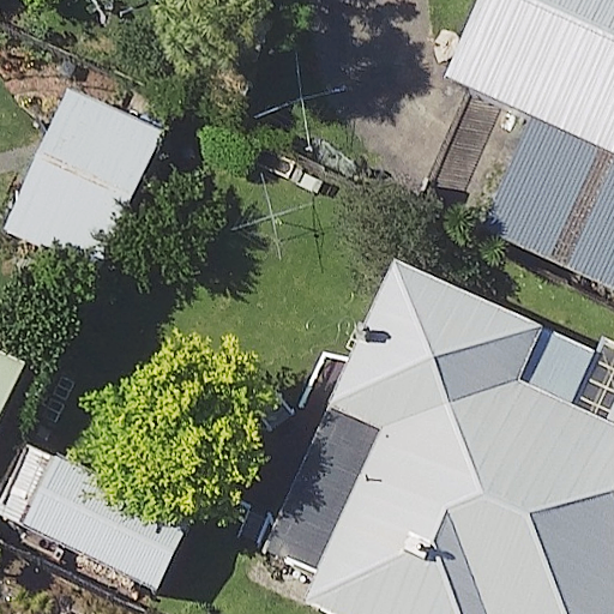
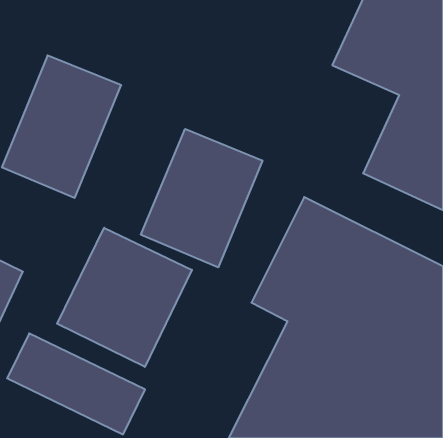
building: none -> [141,129,262,267]
building: none -> [57,228,192,367]

